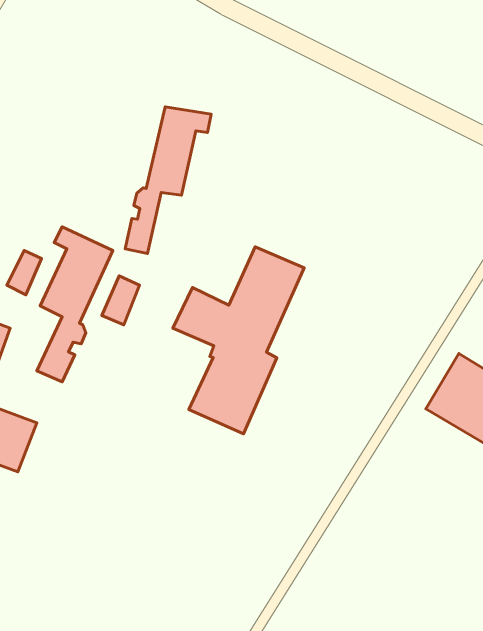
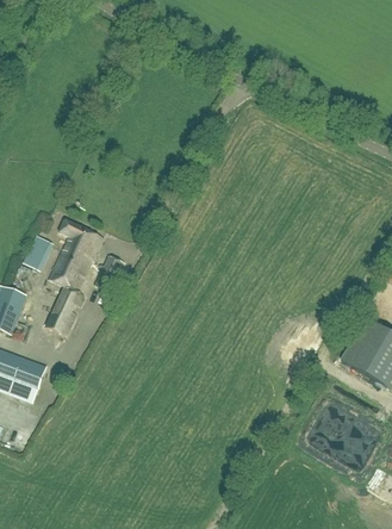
building: [125,107,211,253] -> none
building: [173,247,304,434] -> none

